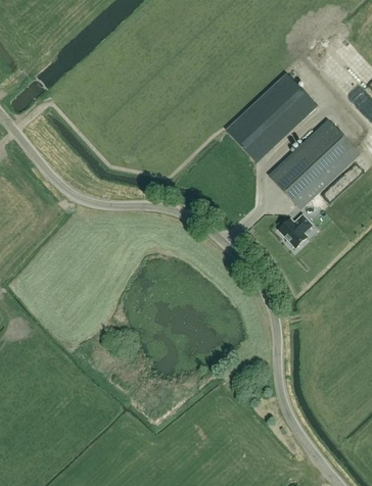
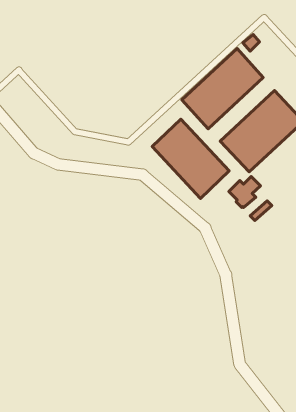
building: none -> [152,119,229,198]

